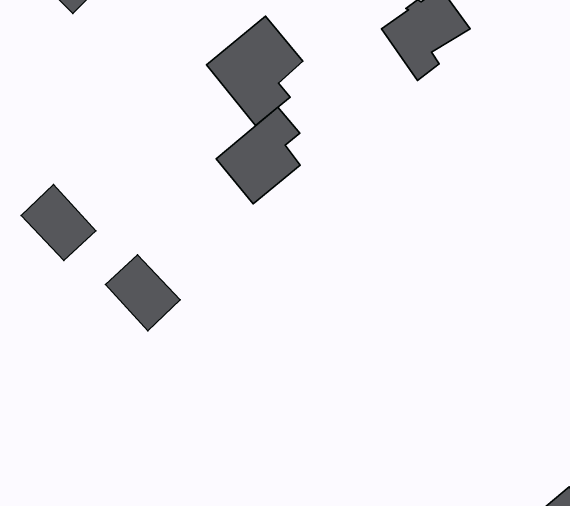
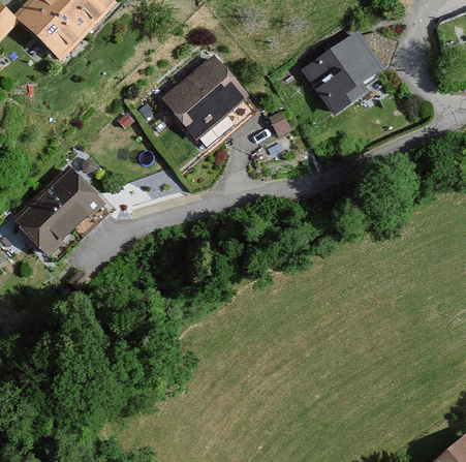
building: [216,107,300,204] -> none
building: [105,255,180,331] -> [44,171,104,232]

